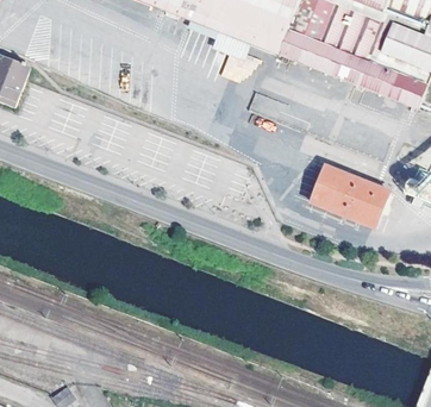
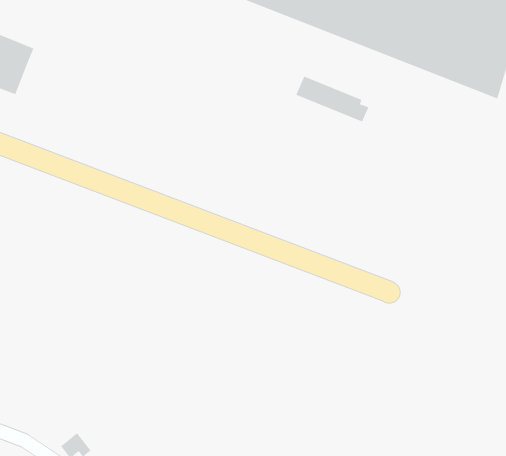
building: [312,165,389,226] -> none

